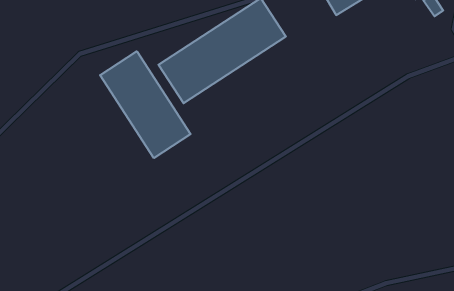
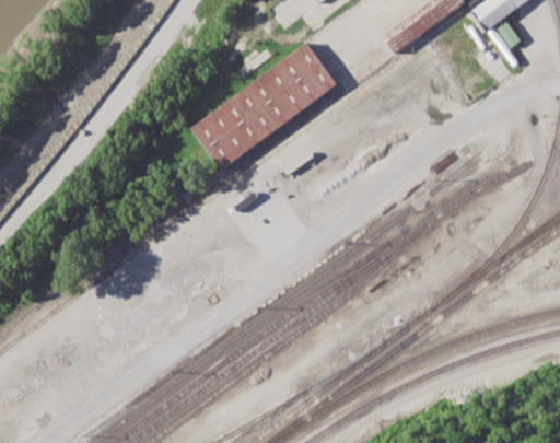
building: [100,51,191,158] -> none

